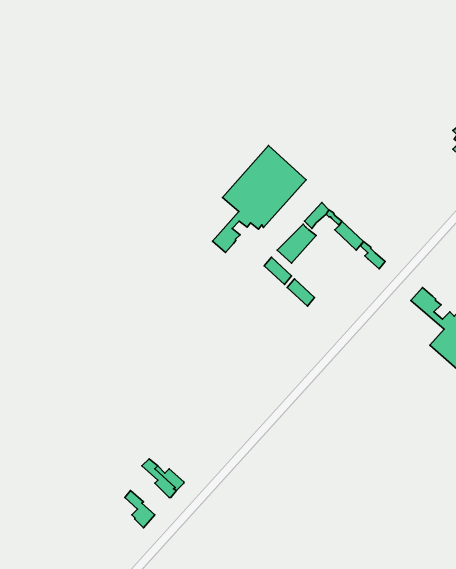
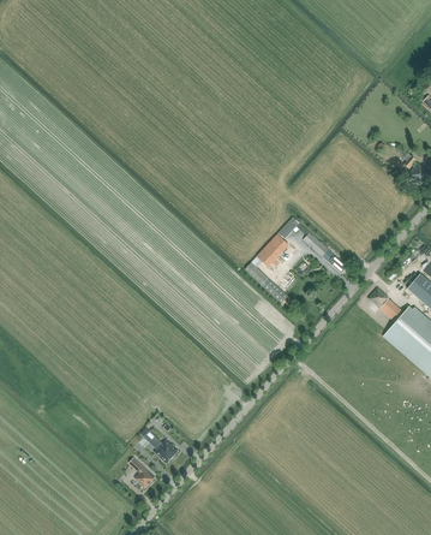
building: [212,146,306,252] -> none

